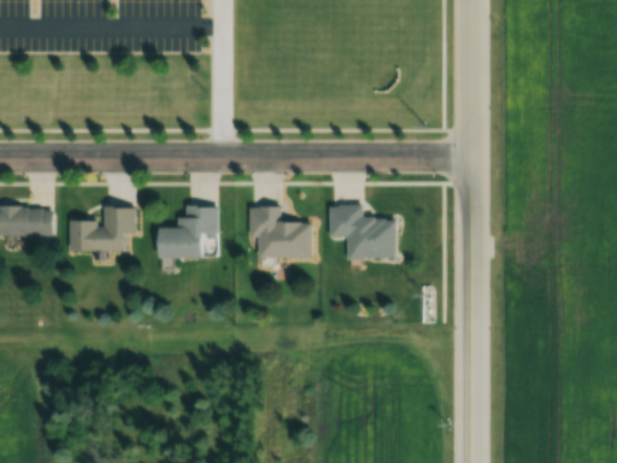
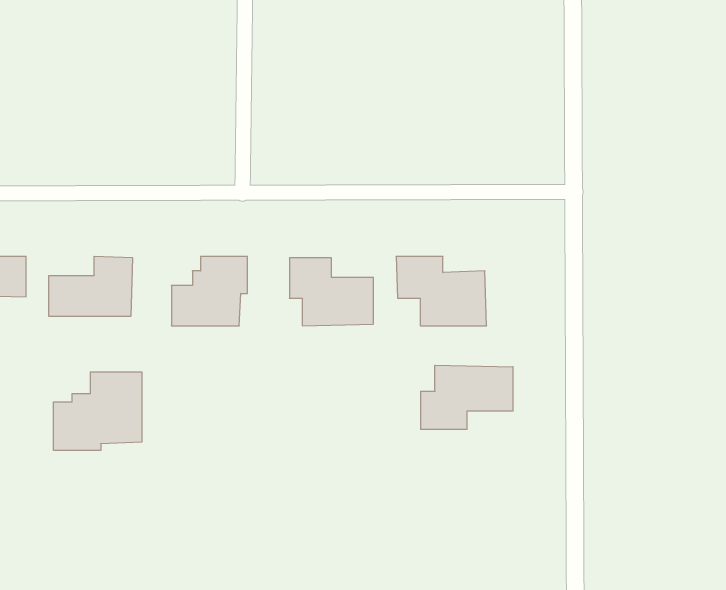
building: none -> [421,365,513,429]
building: none -> [54,372,142,450]

